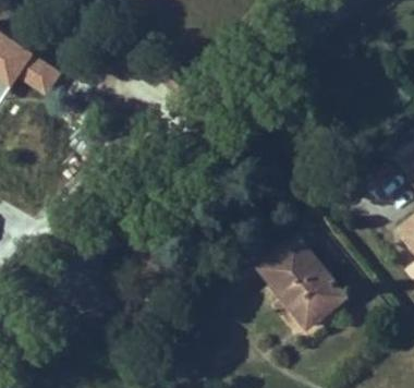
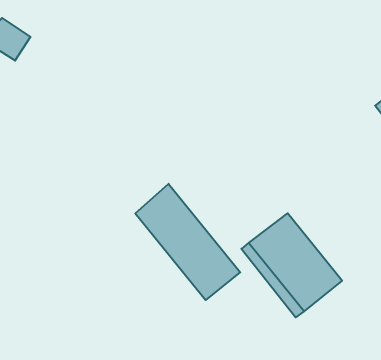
building: none -> [135,184,240,300]

